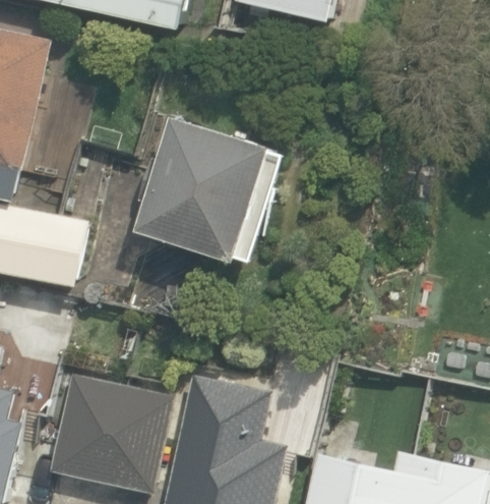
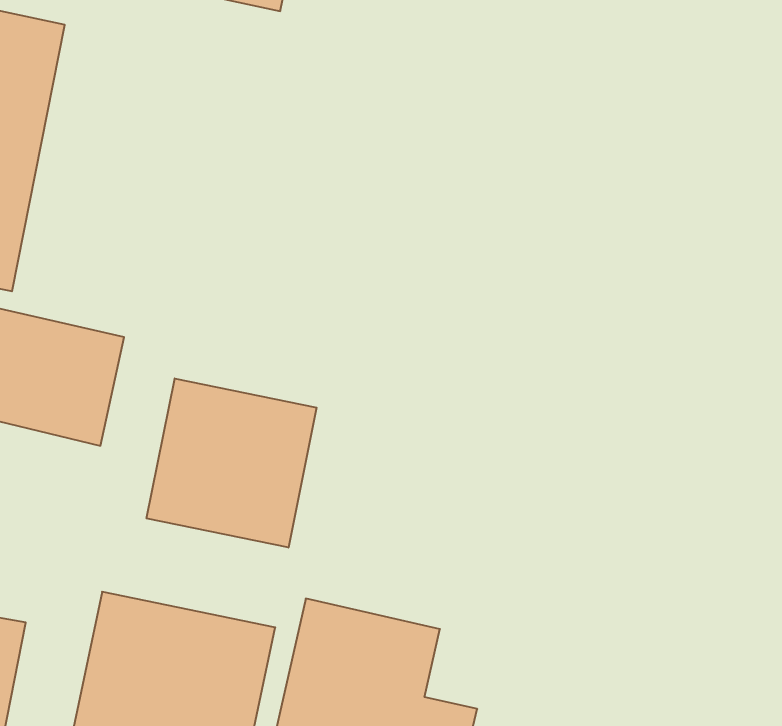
building: [131,116,281,256] -> none
building: none -> [147,378,317,548]

